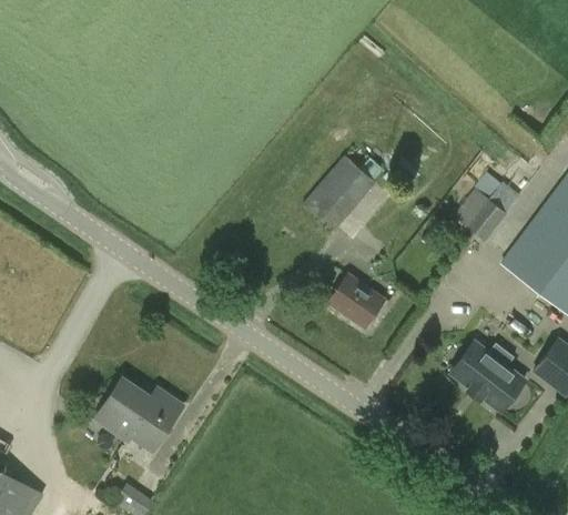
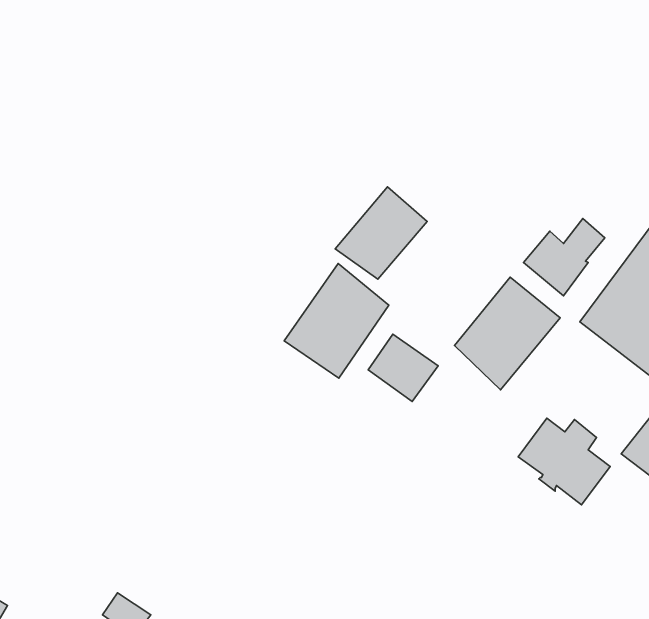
building: none -> [284,263,389,378]
building: none -> [455,277,560,390]
building: [94,378,183,452] -> none

